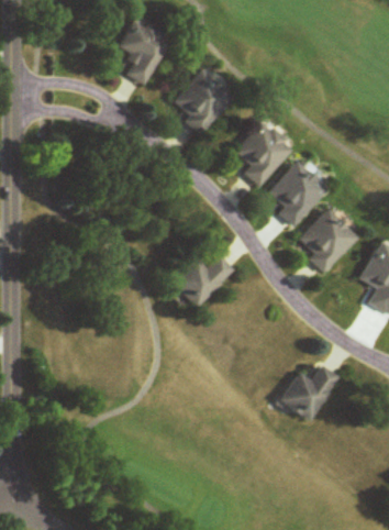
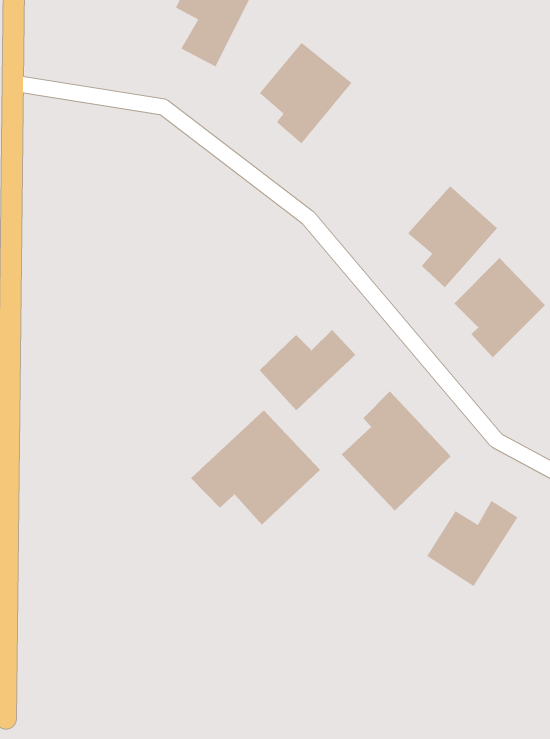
building: [232,122,290,188] -> none
building: none -> [341,391,452,512]
building: none -> [190,410,321,525]

